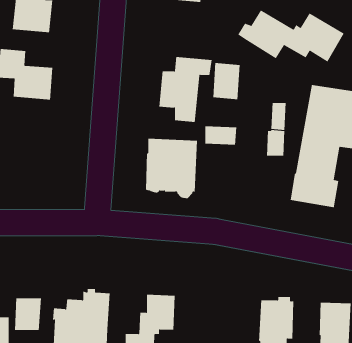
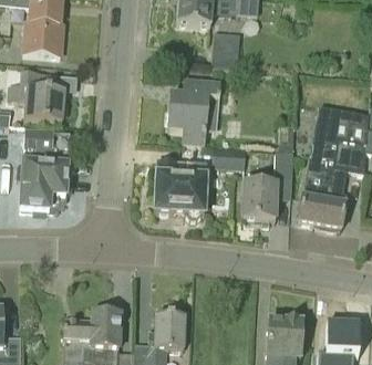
building: [237,10,344,63] -> none
building: [212,63,240,100] -> [213,30,240,66]
building: none -> [20,131,70,209]
building: none -> [242,181,277,225]
building: [15,297,41,331] -> none

